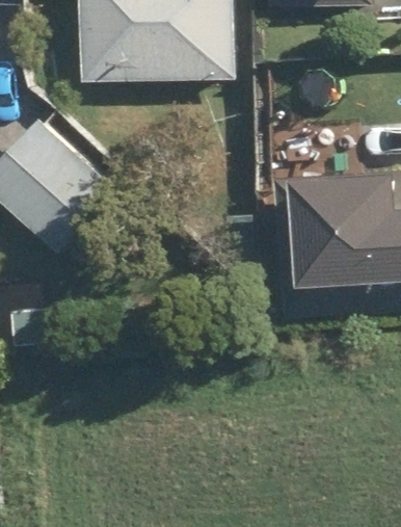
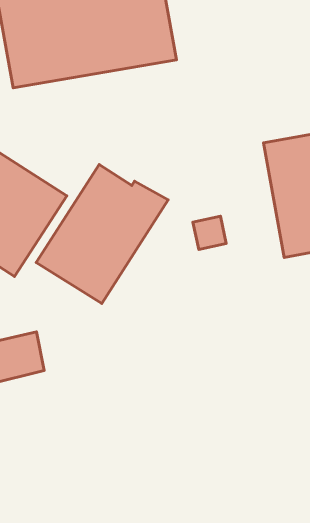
building: none -> [36,164,168,304]

